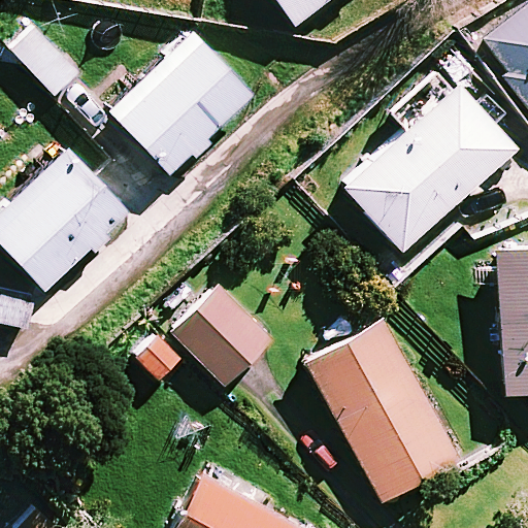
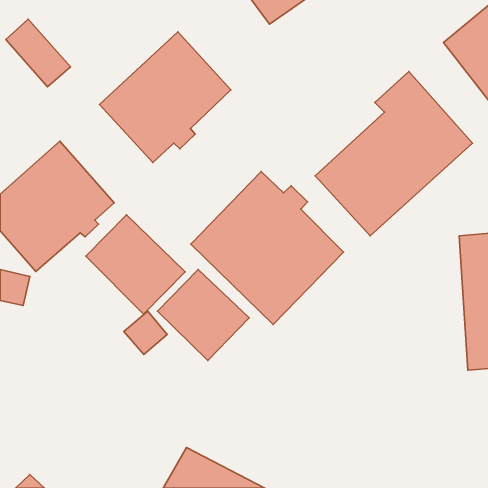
building: none -> [191,172,344,325]
building: none -> [86,215,185,314]
building: [307,321,461,501] -> none

